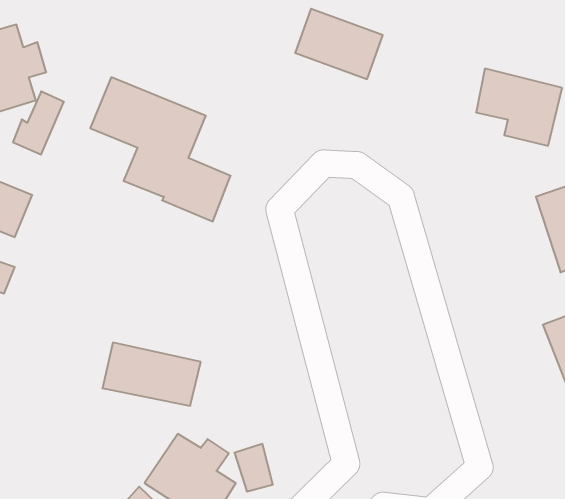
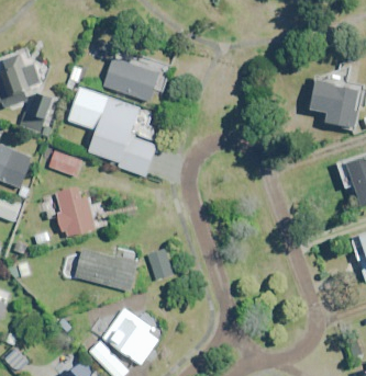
building: [295,9,383,79] -> [103,58,158,102]
building: none -> [48,150,81,178]
building: none -> [55,189,95,236]
building: [234,444,273,491] -> [147,250,171,280]

